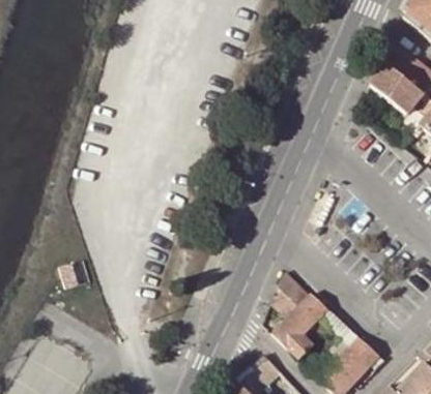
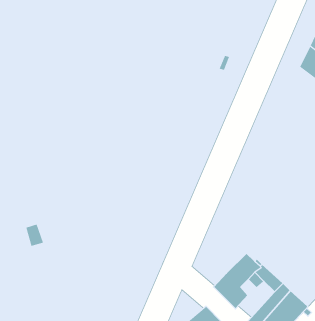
building: [272,273,311,320] -> none

